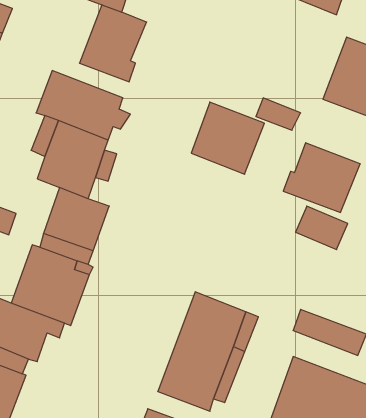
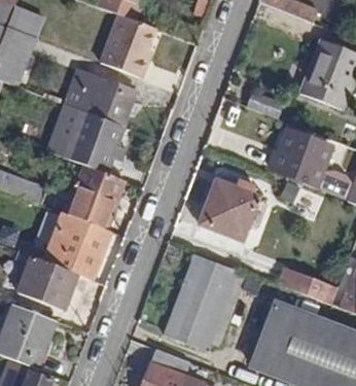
building: [191,102,264,174] -> [199,180,259,240]

